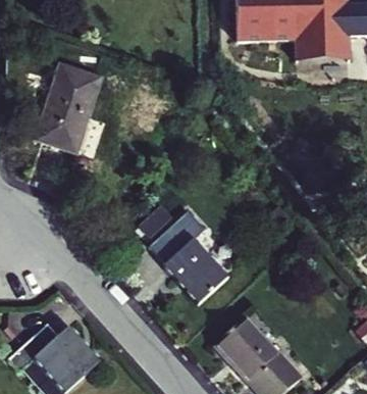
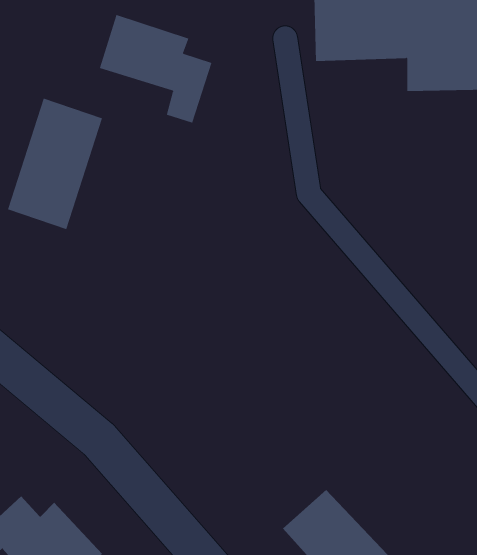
building: none -> [99,14,212,124]
building: [149,210,226,304] -> none

